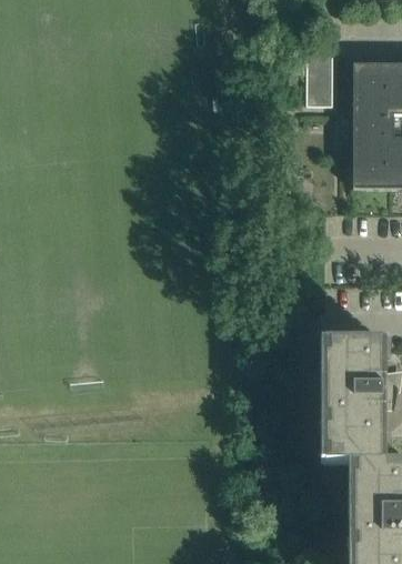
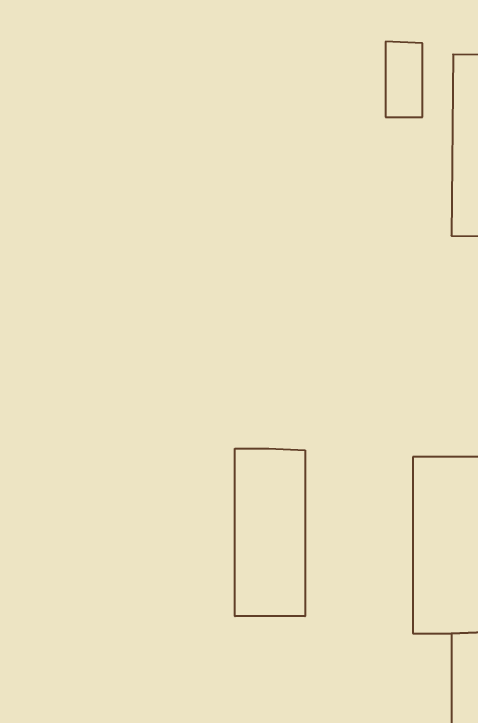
building: none -> [235,449,305,616]

